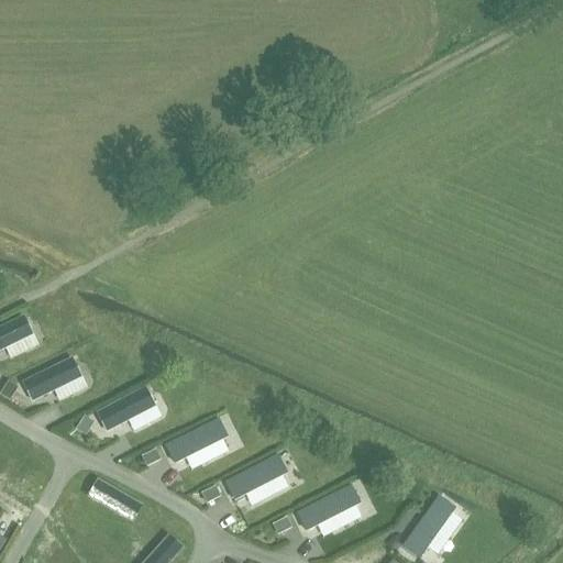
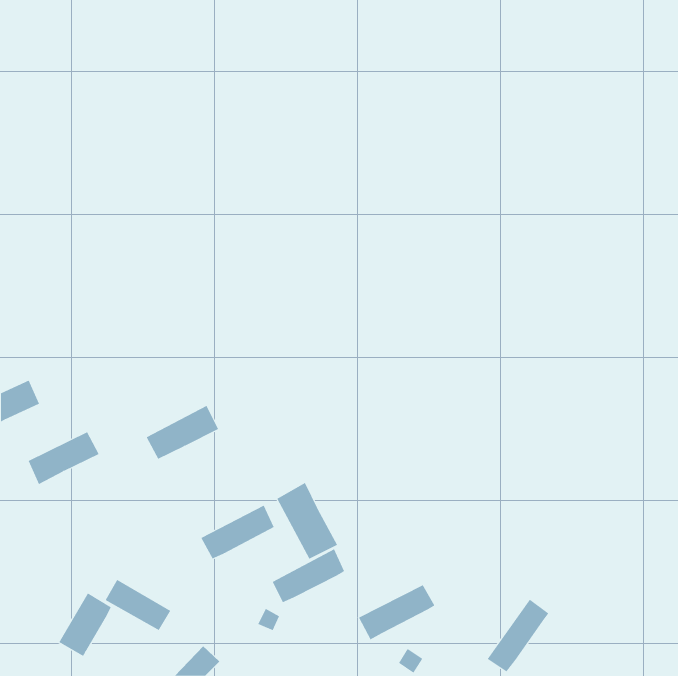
building: [96,386,156,431] -> [146,405,219,460]
building: none -> [277,482,338,559]
building: none -> [59,592,111,657]

